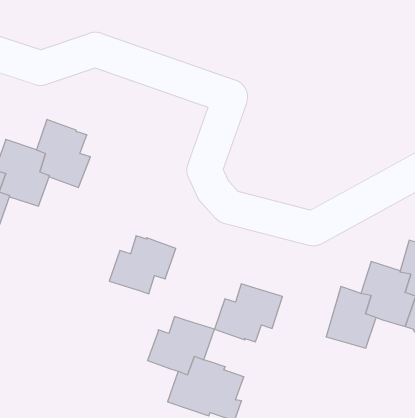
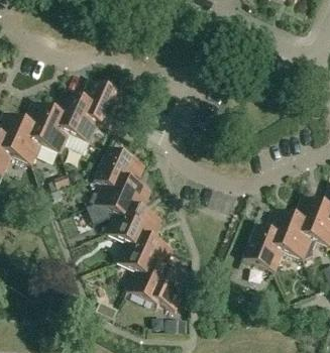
building: none -> [86,82,122,126]
building: none -> [94,146,136,189]
building: [214,284,282,342] -> [109,205,157,245]

